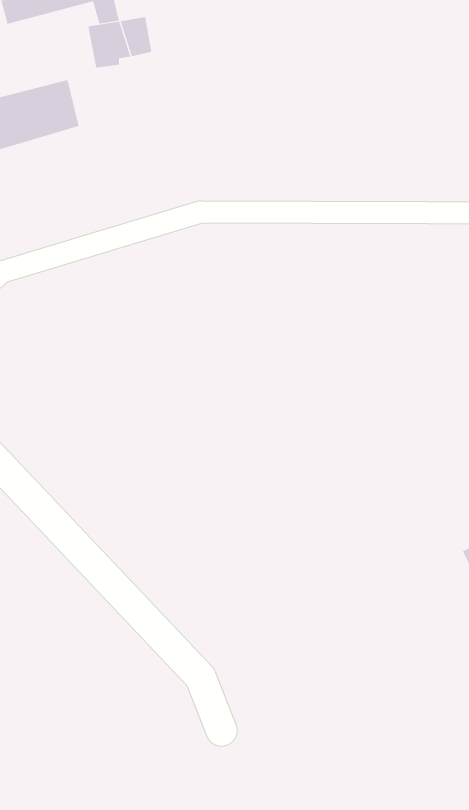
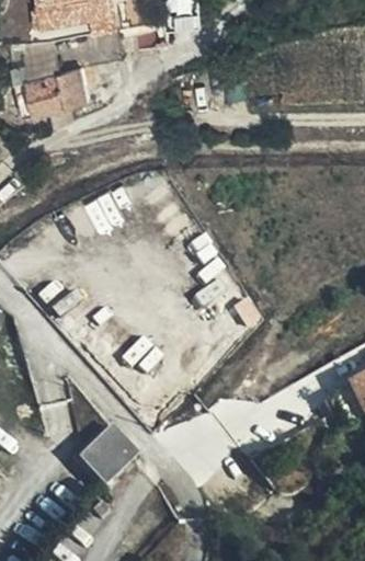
building: none -> [84,424,137,481]

